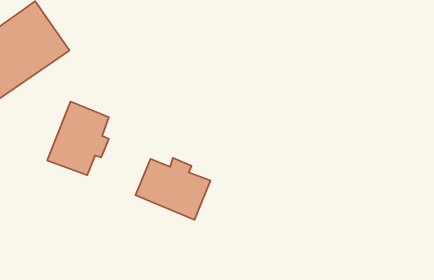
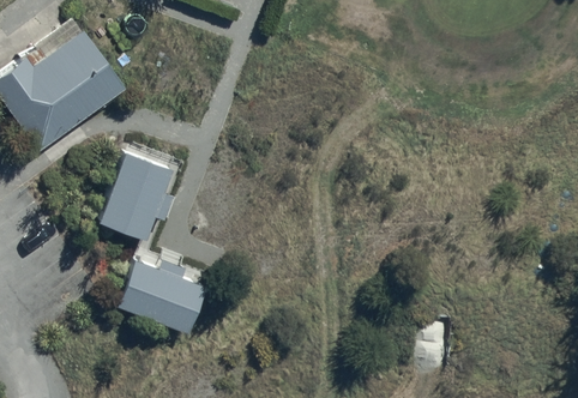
building: [136,158,210,220] -> [116,260,207,336]

